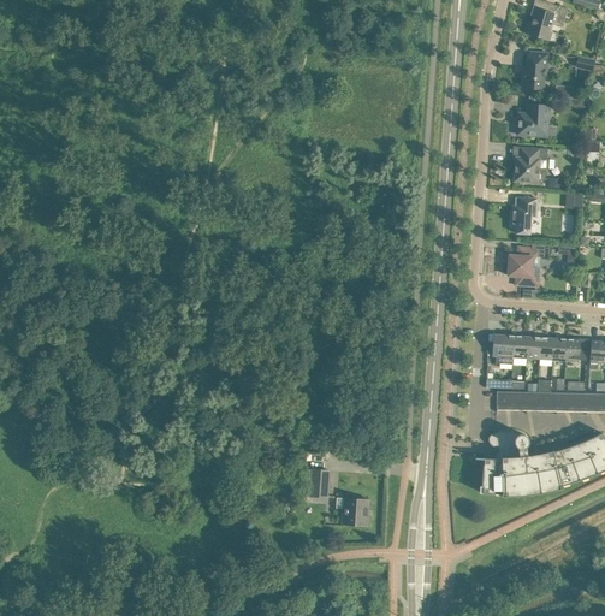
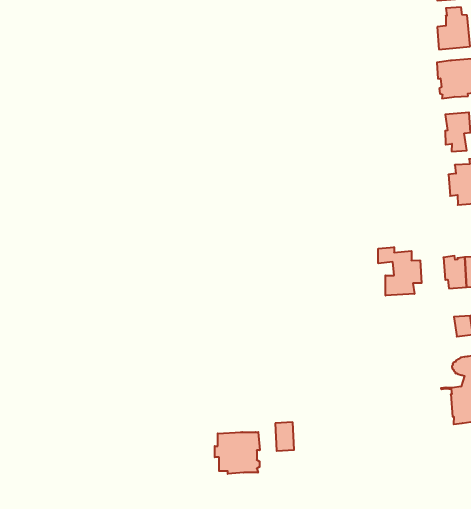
building: none -> [378,247,422,296]
building: none -> [215,432,260,474]
building: [334,498,368,526] -> none

